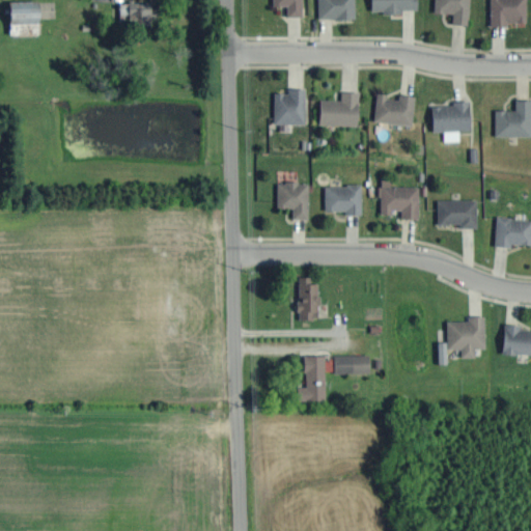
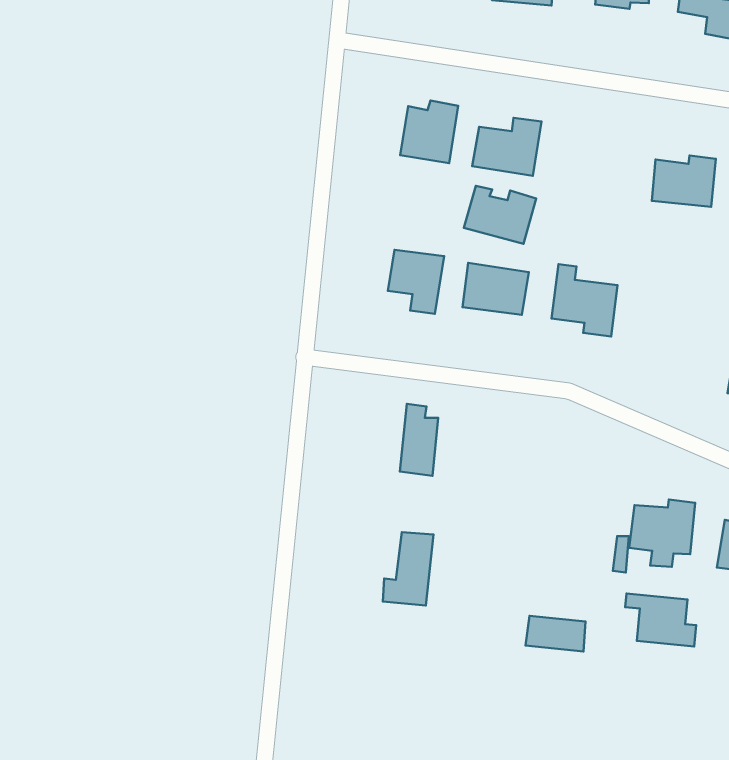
building: [373,93,416,125] -> [464,186,536,244]
building: [438,200,477,228] -> none
building: [334,355,370,374] -> [526,616,586,651]
building: none -> [625,594,696,646]

